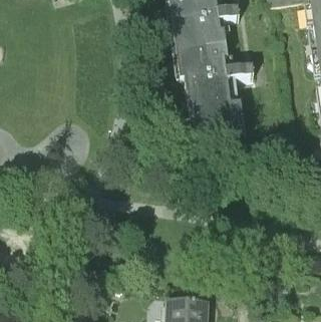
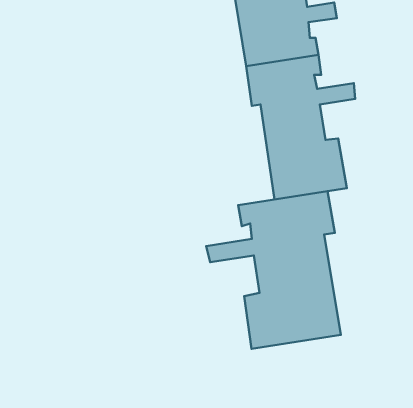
building: none -> [206,191,341,349]

